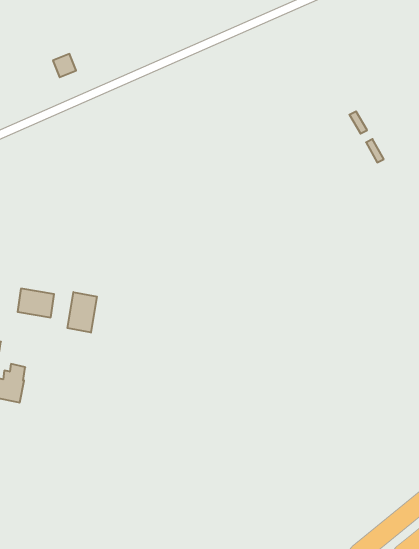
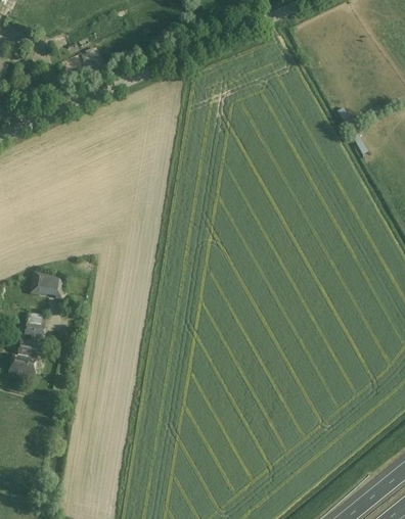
building: [67,292,97,333] -> none
building: none -> [24,313,45,336]

